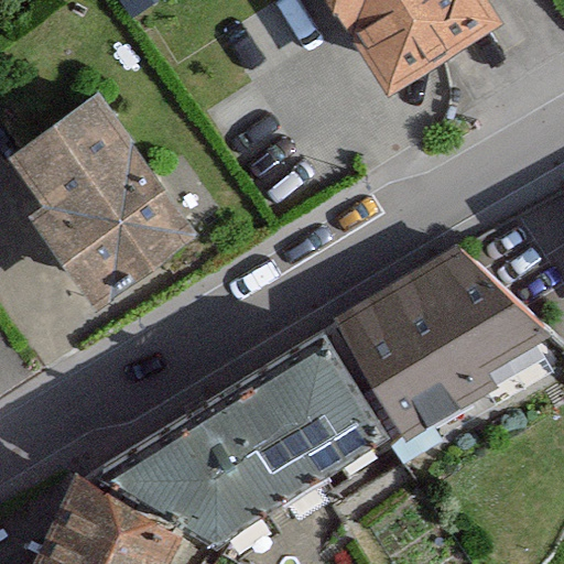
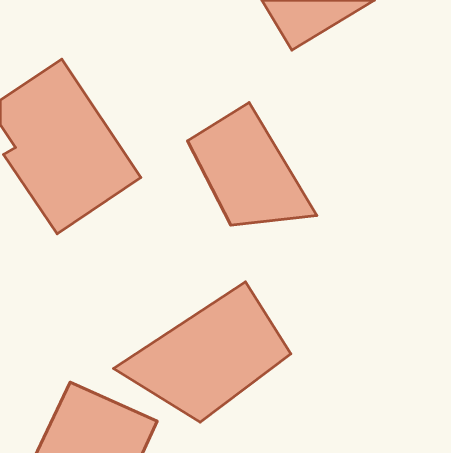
building: none -> [187,103,317,225]
building: [350,262,540,430] -> none

